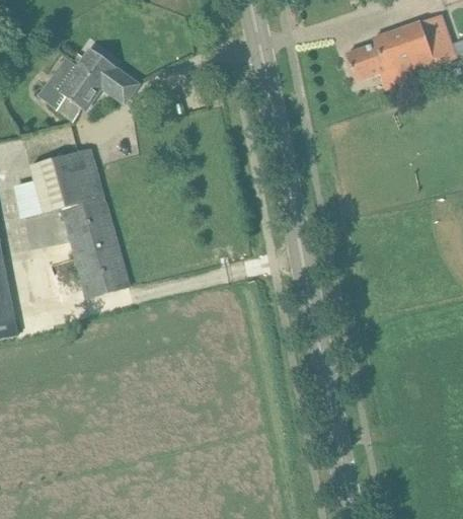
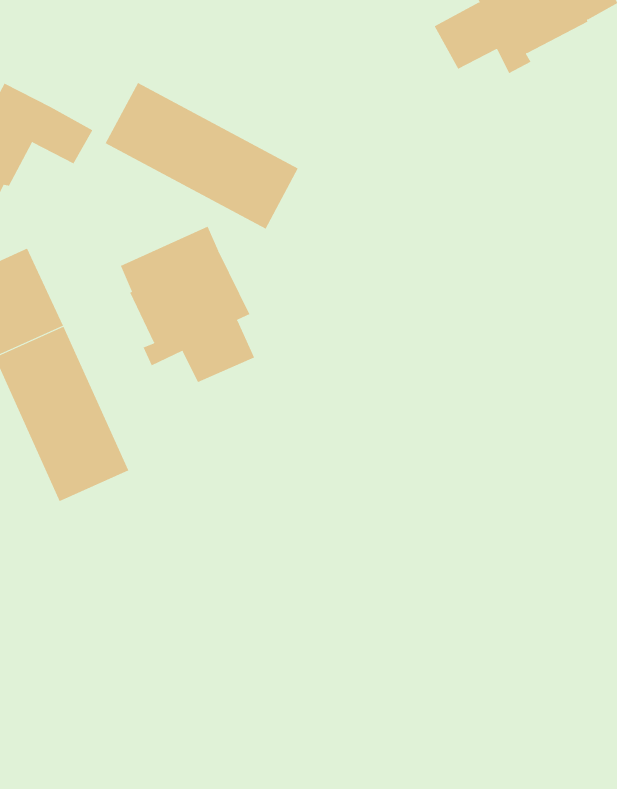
building: none -> [105,82,299,230]
building: none -> [120,226,255,383]

